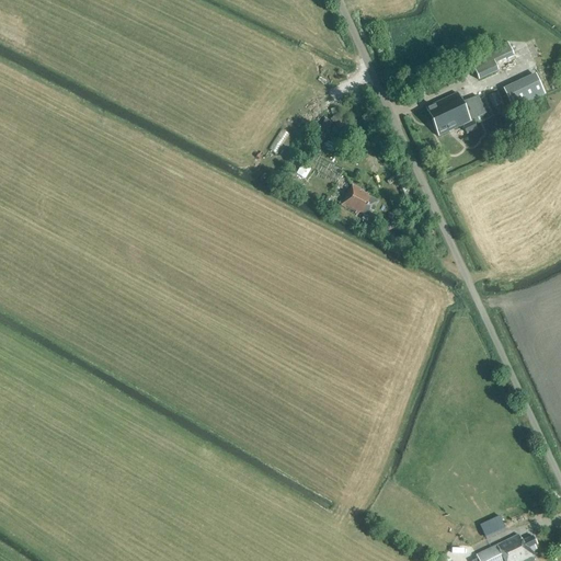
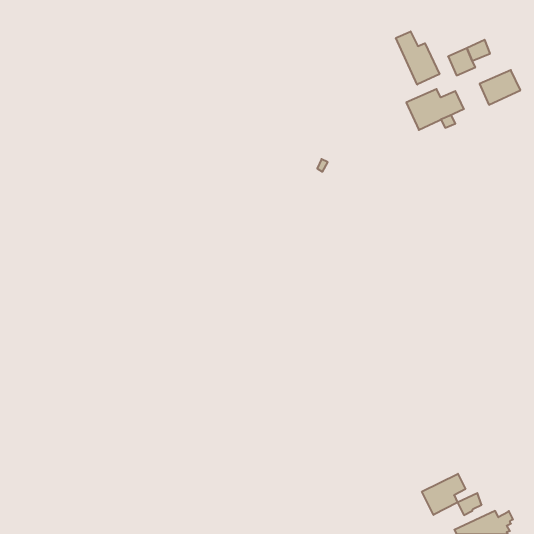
building: none -> [396,31,439,85]
building: [342,185,378,217] -> none
building: none -> [422,474,465,515]

